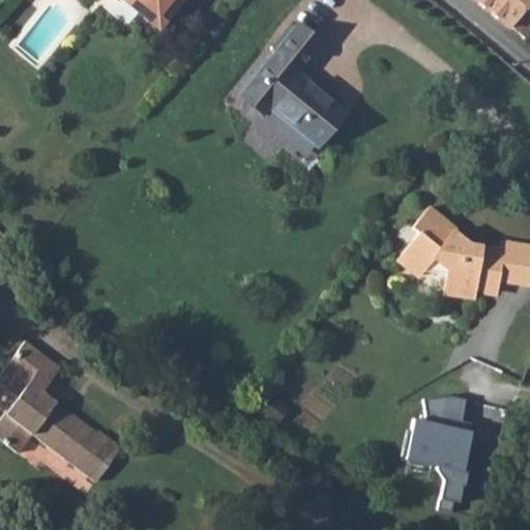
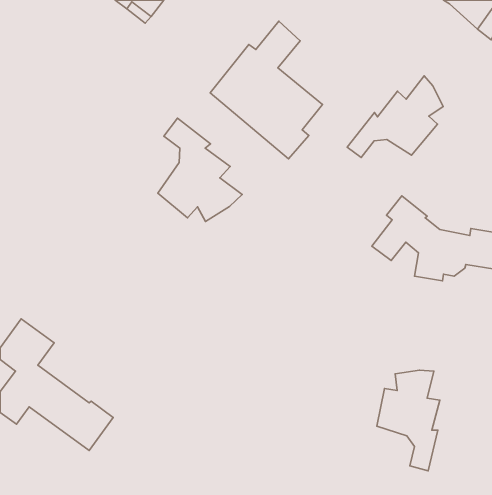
building: none -> [347,76,443,158]
building: none -> [158,118,242,222]

